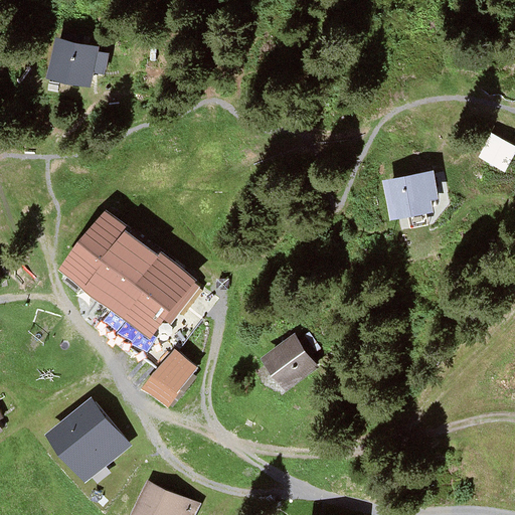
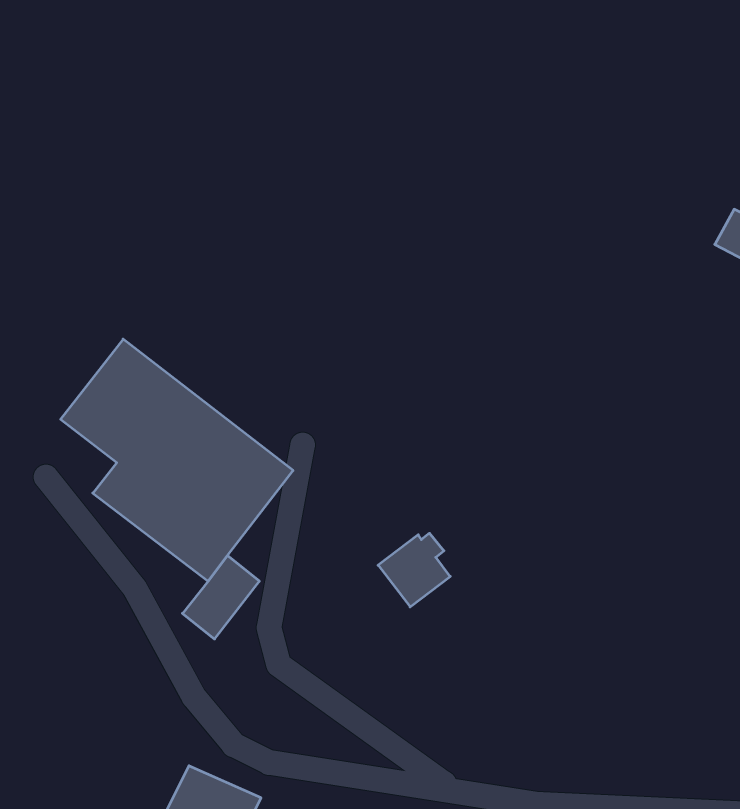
building: [50,39,103,78] -> none
building: [386,172,432,212] -> none
building: [52,401,122,471] -> none

